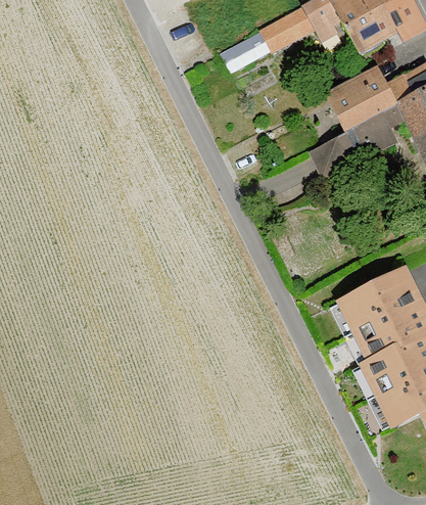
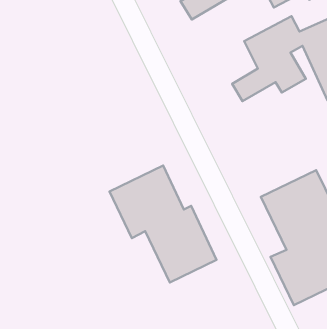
building: none -> [110,165,217,283]

